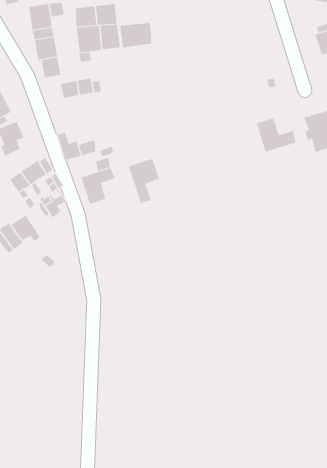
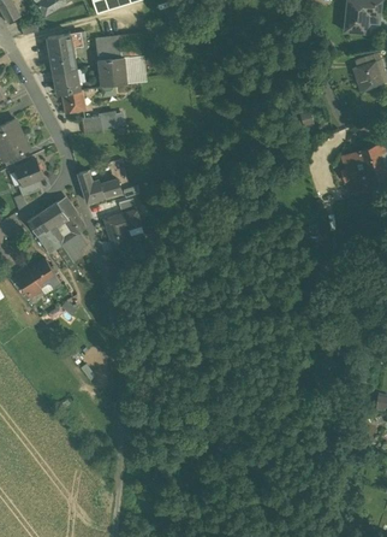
building: [120,22,152,48] -> none
building: [256,118,296,152] -> none
building: [128,158,159,204] -> none

